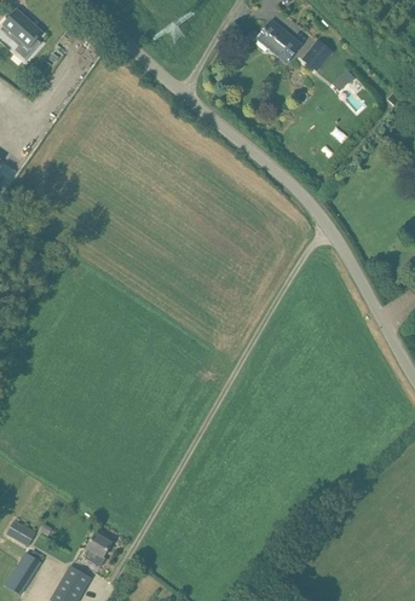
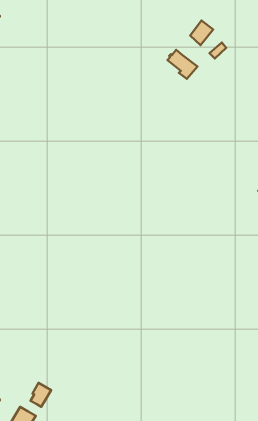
building: [259,21,300,60] -> [167,50,198,79]

